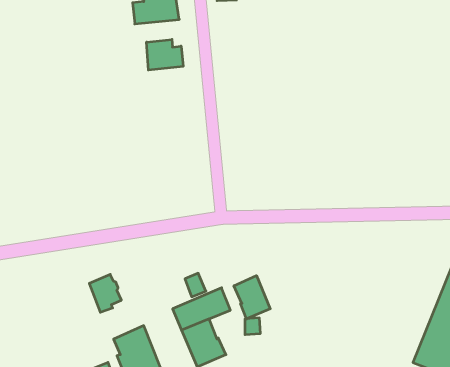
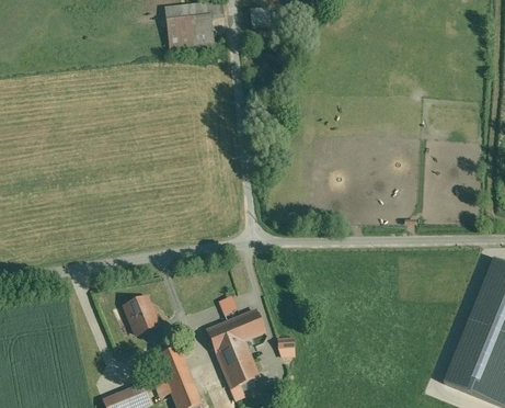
building: [147,39,183,70] -> none
building: [234,276,270,319] -> none

